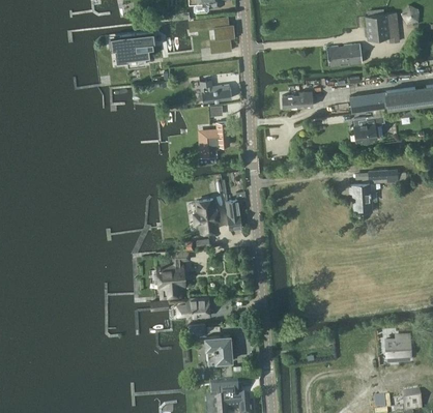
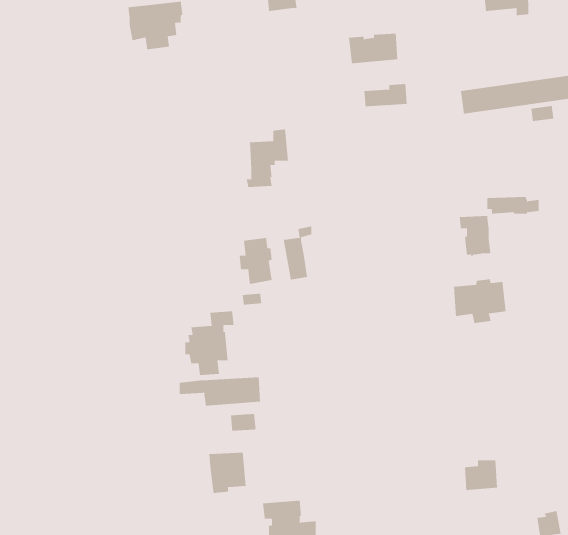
building: [326,45,362,66] -> [348,33,398,64]
building: [200,80,232,102] -> none
building: [353,116,384,142] -> none
building: none -> [454,279,506,324]
building: [386,335,410,357] -> [464,460,498,491]
building: [205,336,232,365] -> [208,452,246,493]

